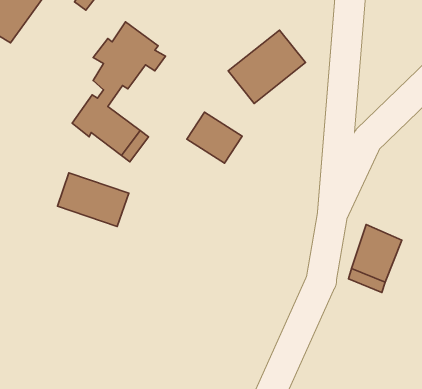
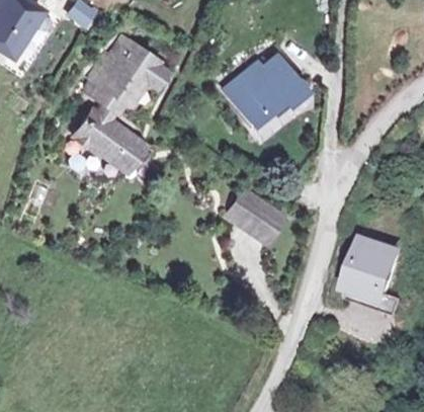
building: [187,112,242,163] -> [226,187,279,237]
building: [57,173,129,226] -> none

